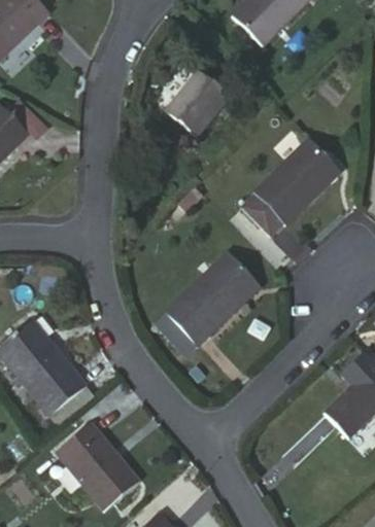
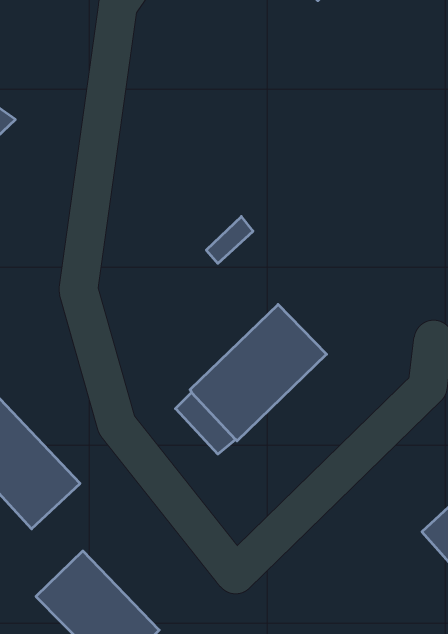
building: [163,72,226,134] -> none
building: [237,134,338,232] -> none

